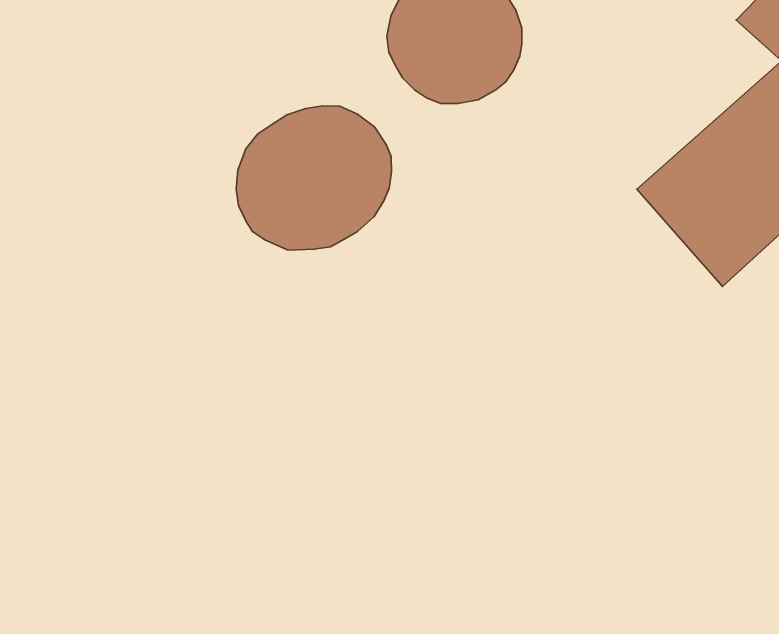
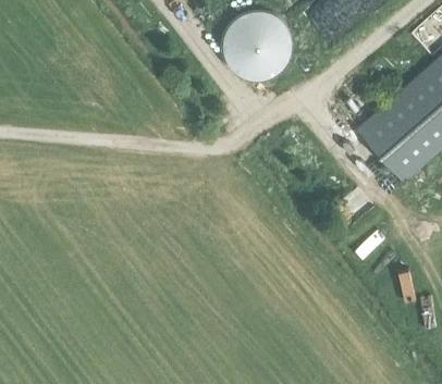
building: [236,106,392,250] -> none

